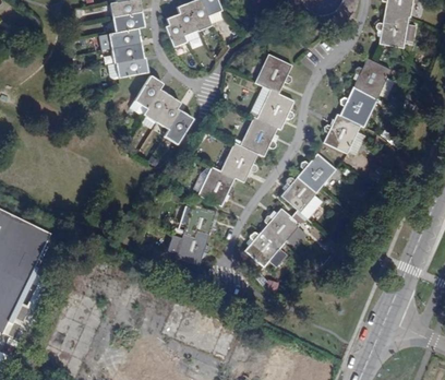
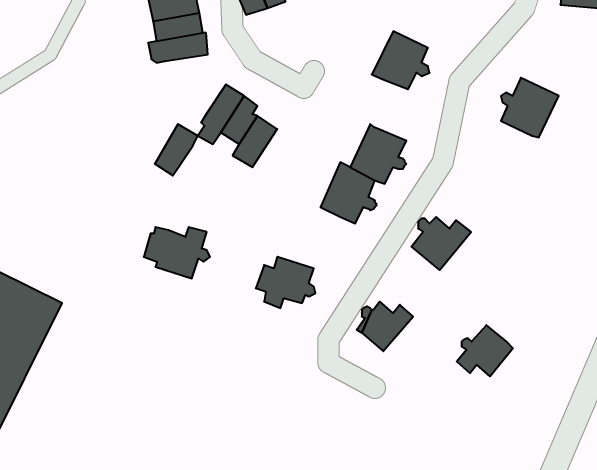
building: [353,58,396,98] -> none
building: [134,76,163,110] -> [155,124,198,176]
building: [253,87,294,130] -> none
building: [324,114,364,153] -> none
building: [298,154,336,188] -> none
building: [194,167,234,206] -> none
building: [261,210,298,244] -> [457,325,513,376]
building: [168,231,212,265] -> [144,227,210,278]

